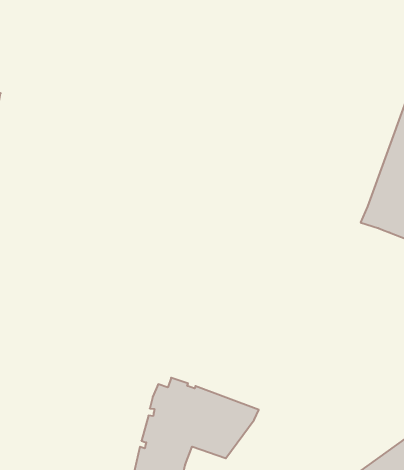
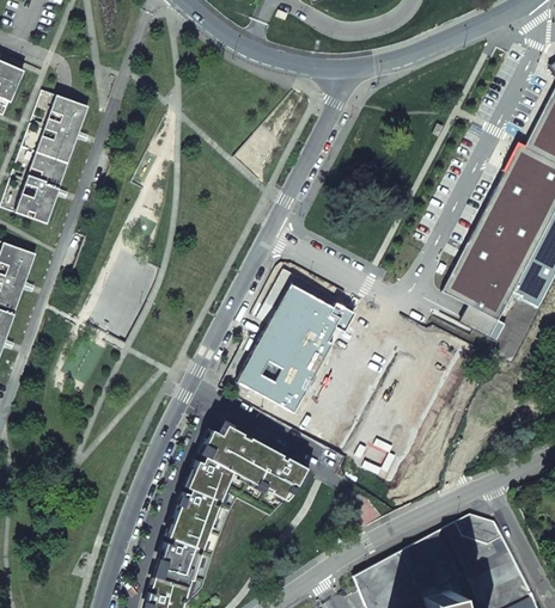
building: none -> [233,283,352,412]

